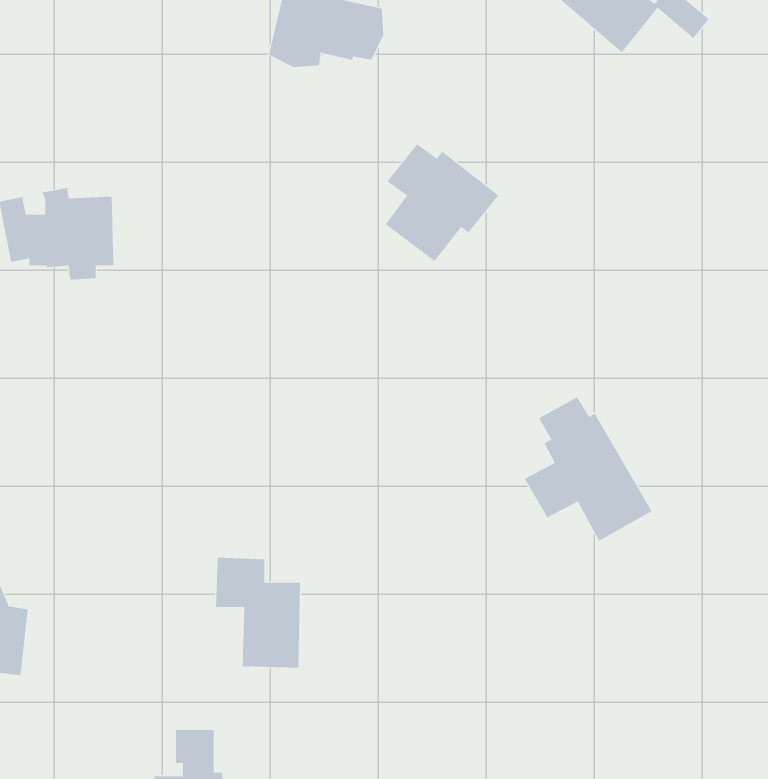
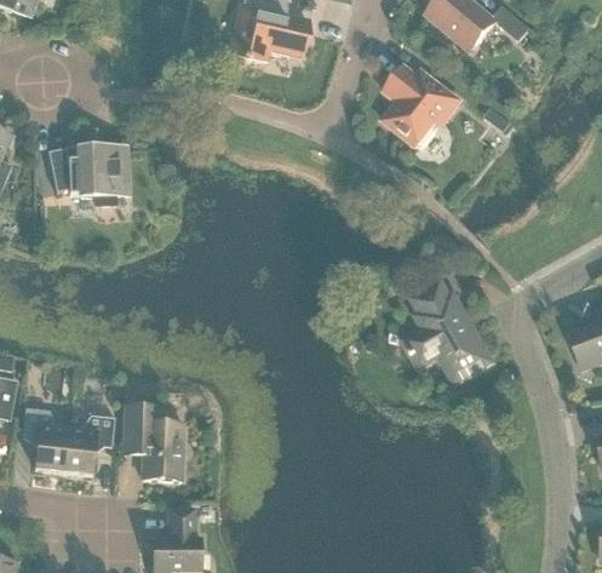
building: [385,144,499,262] -> [382,64,459,144]
building: [215,557,301,668] -> [124,405,182,480]
building: none -> [63,413,114,475]

